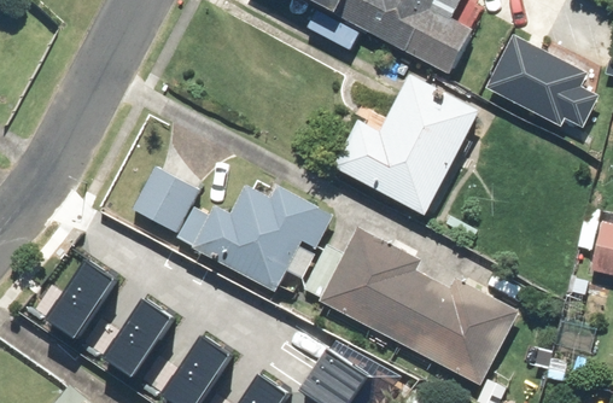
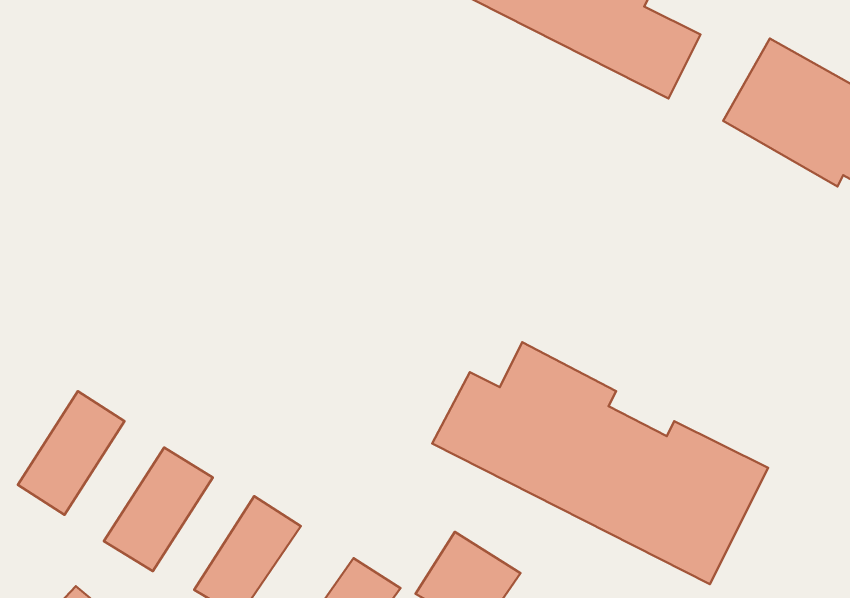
building: [338,76,485,217] -> none
building: [128,164,197,234] -> none
building: [193,185,335,291] -> none

